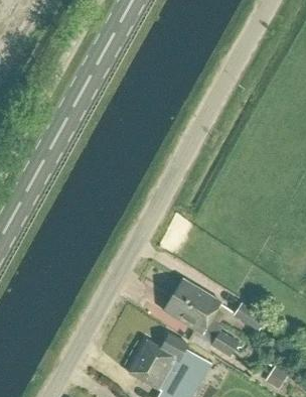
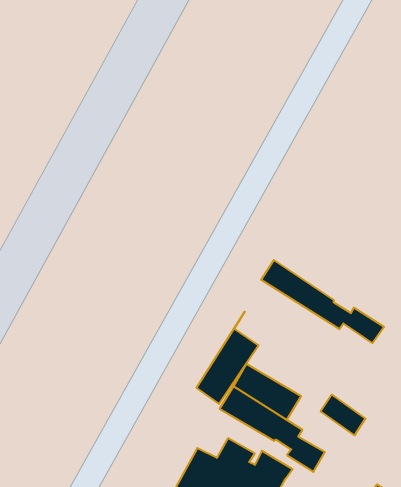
building: none -> [261,260,384,343]
building: none -> [197,312,259,404]

